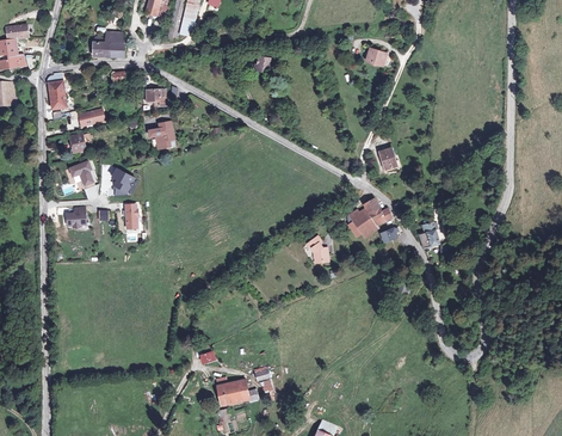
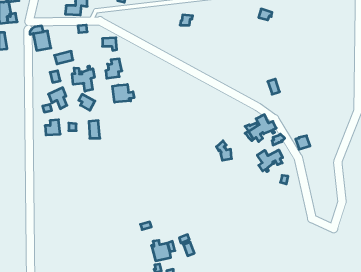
building: none -> [72,66,94,91]
building: none -> [112,84,134,102]
building: none -> [257,150,283,172]

